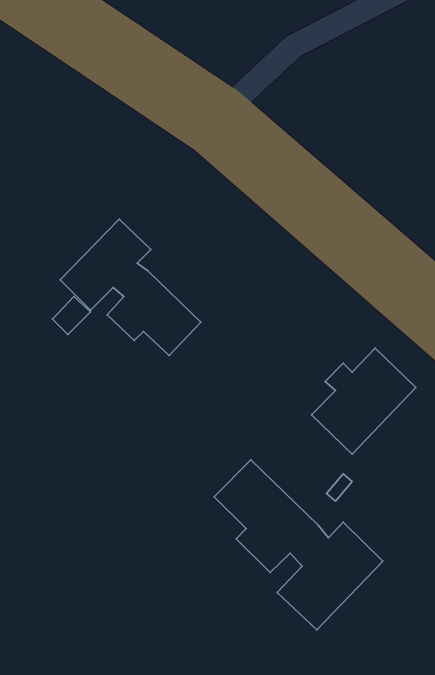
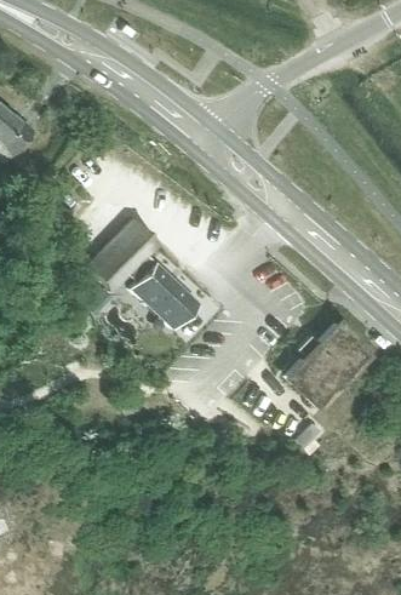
building: [214,460,383,630] -> none

